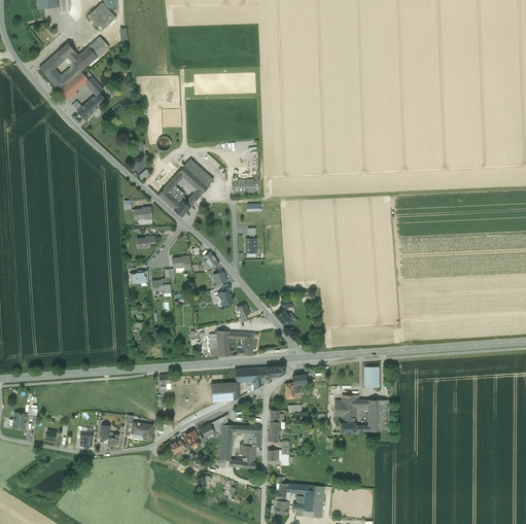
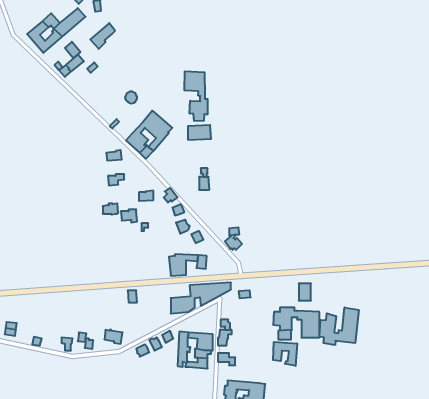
building: [59,71,89,102] -> [90,23,115,49]
building: none -> [184,71,208,121]
building: none -> [319,307,359,345]
building: none -> [273,342,297,366]

